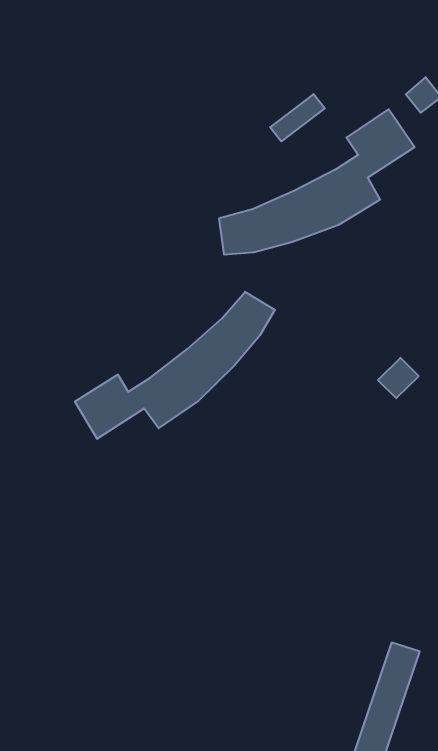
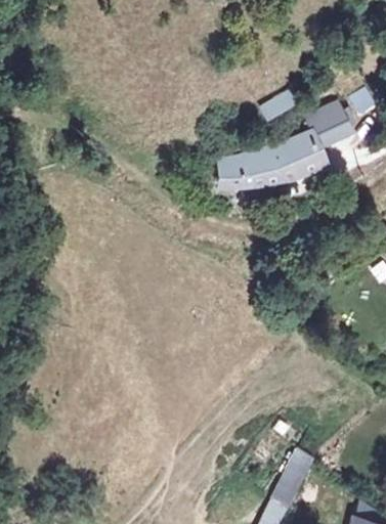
building: [75,292,275,439] -> none

